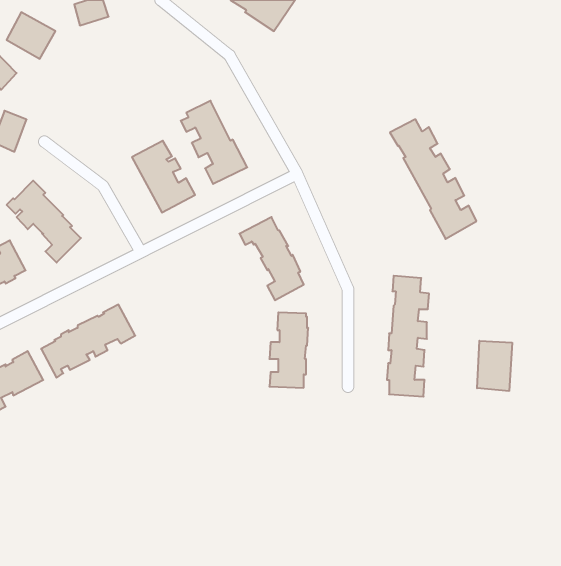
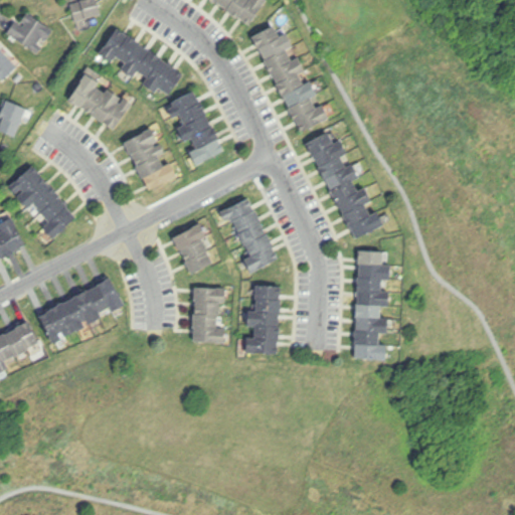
building: none -> [250,26,328,133]
building: none -> [99,29,181,97]
building: none -> [66,74,130,131]
building: [390,119,476,239] -> [304,132,382,240]
building: none -> [169,222,210,275]
building: none -> [189,287,225,345]
building: [477,341,512,391] -> none

